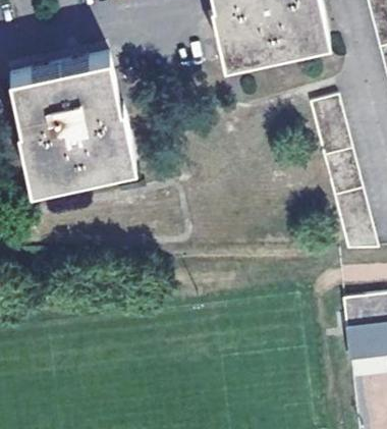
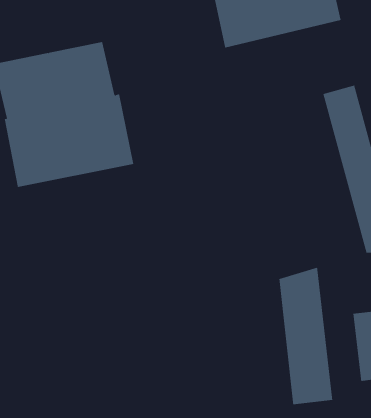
building: none -> [279,267,333,405]

